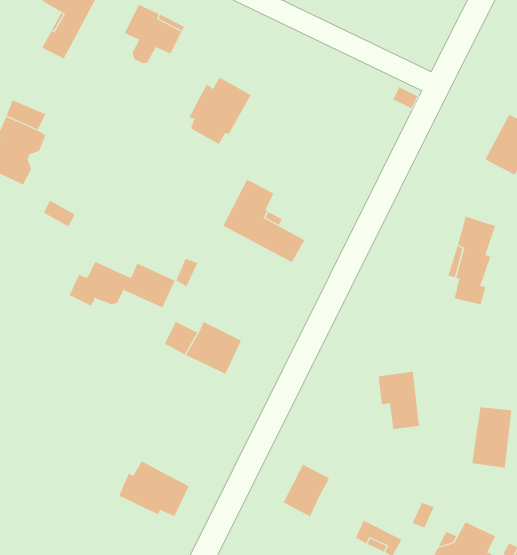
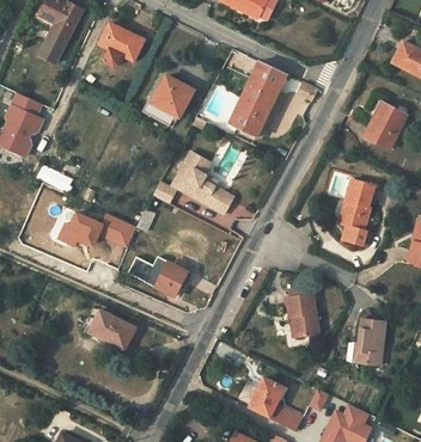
building: none -> [227,62,286,136]
building: [118,460,190,517] -> [83,308,135,350]
building: [283,464,330,517] -> [249,377,283,417]

